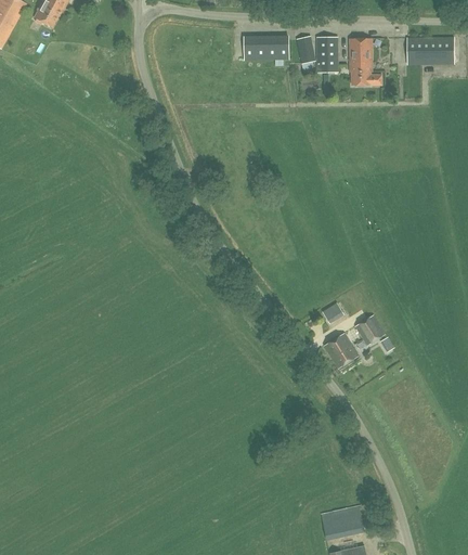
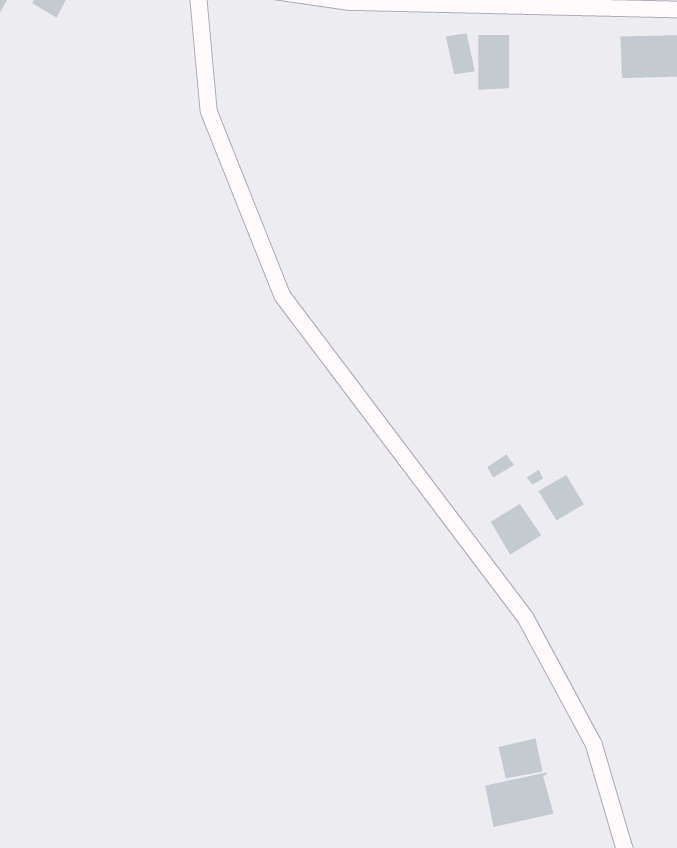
building: [243,35,288,60] -> none
building: [350,38,381,86] -> none
building: none -> [498,737,544,779]

